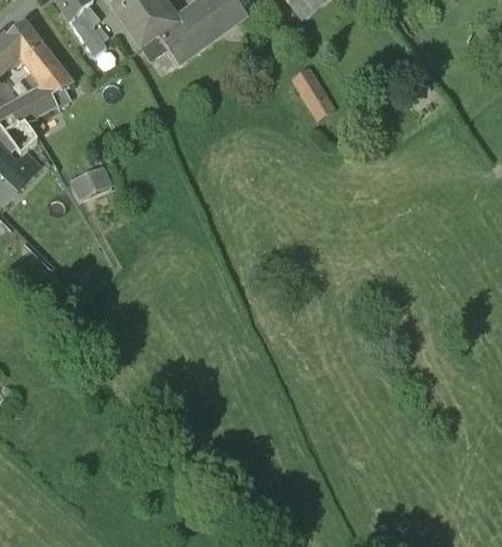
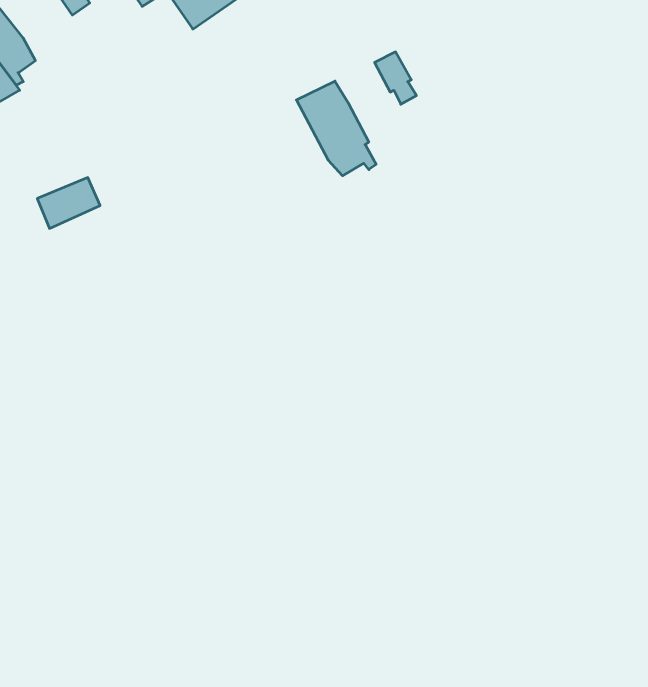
building: none -> [296,81,376,176]

